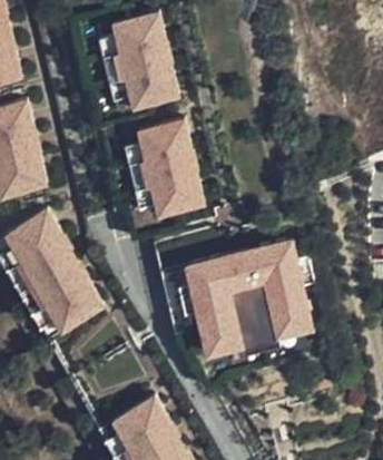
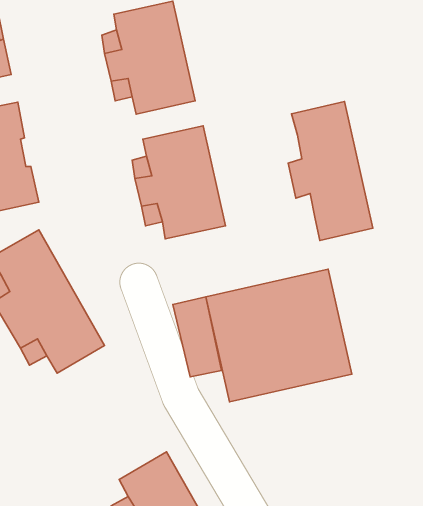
building: none -> [288,102,373,241]

